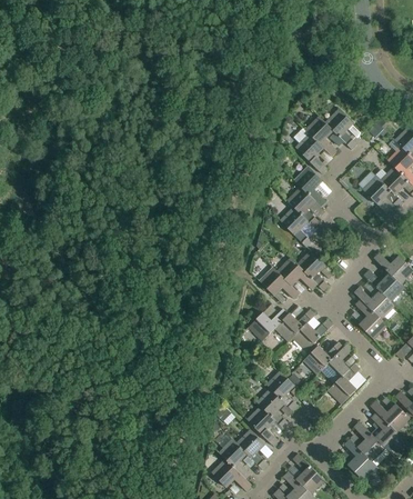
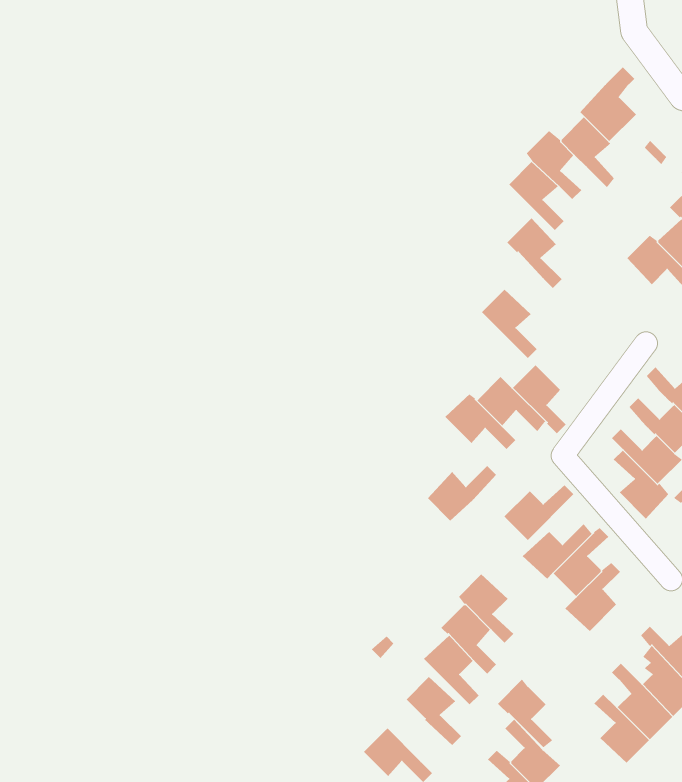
building: none -> [580,66,637,142]
building: [286,186,319,227] -> none
building: [275,309,315,341] -> none
building: [219,438,251,478] -> [497,679,553,748]

